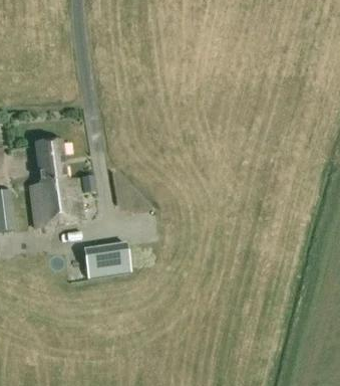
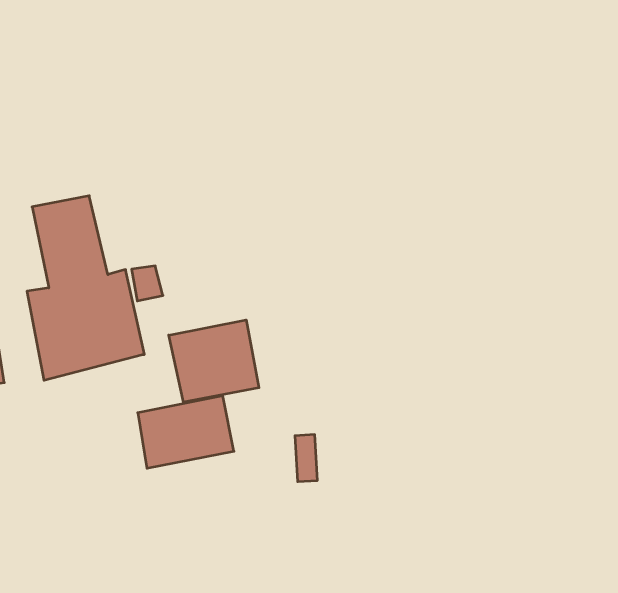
building: none -> [169,320,259,402]

